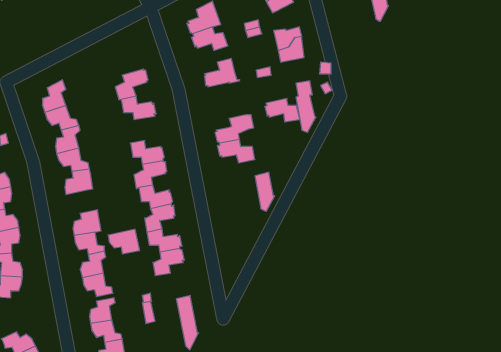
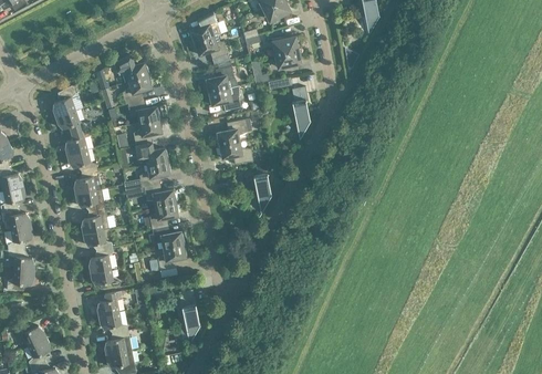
building: none -> [115,56,149,81]
building: [265,98,300,122] -> [208,87,241,110]
building: none -> [133,120,163,145]
building: [108,229,140,254] -> [75,188,105,211]

